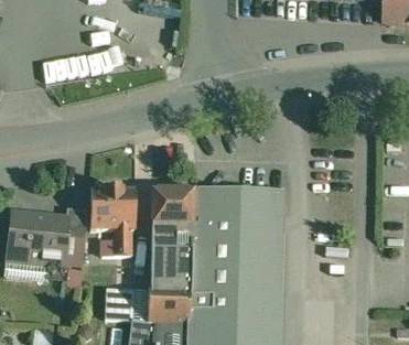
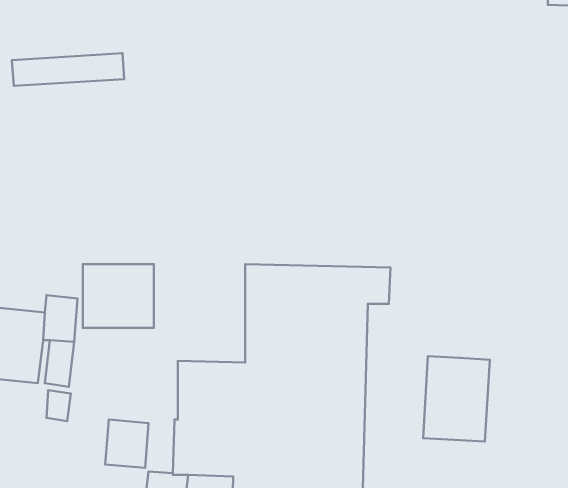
building: [151,186,194,249] -> none
building: [103,227,132,254] -> none
building: none -> [423,356,490,442]

